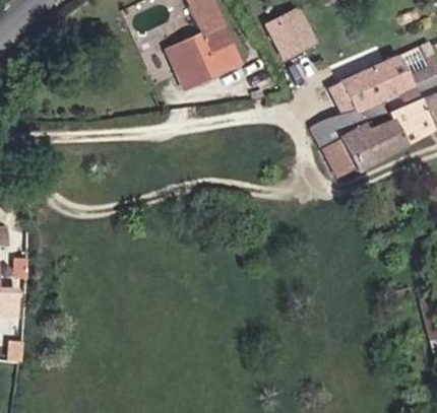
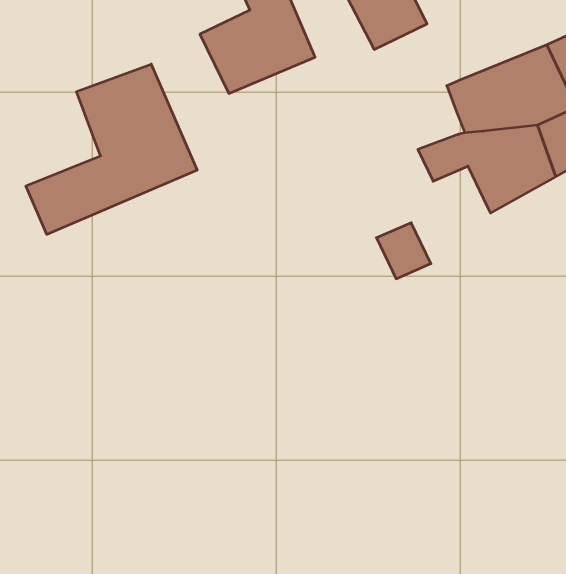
building: none -> [26,64,197,234]
building: [321,138,358,176] -> [376,223,431,279]

